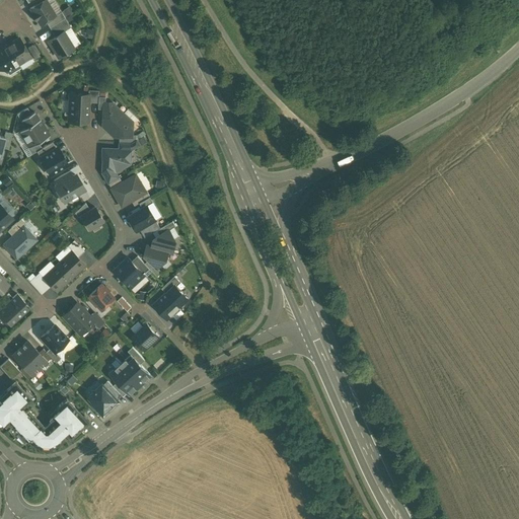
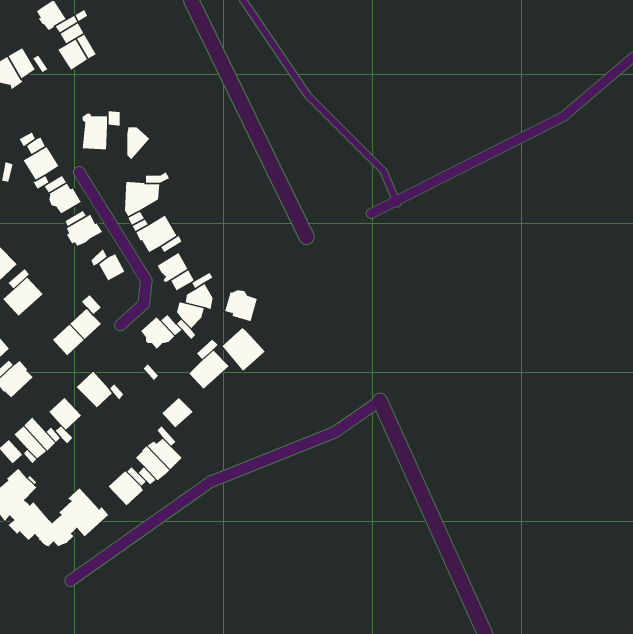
building: [107,114,132,137] -> none
building: none -> [224,289,258,322]
building: none -> [222,327,265,372]
building: [87,284,114,311] -> none

